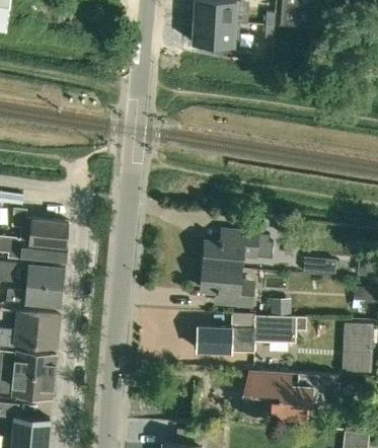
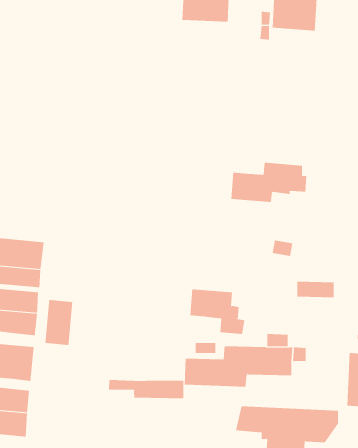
building: [194,20,237,46] -> none
building: [204,231,274,268] -> [230,162,307,202]
building: none -> [45,299,73,346]
building: none -> [108,379,184,399]

